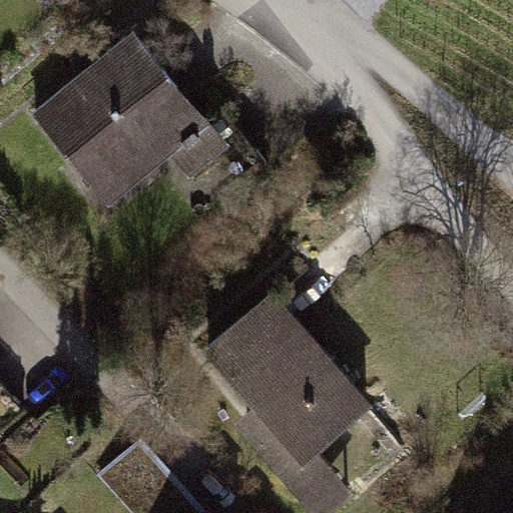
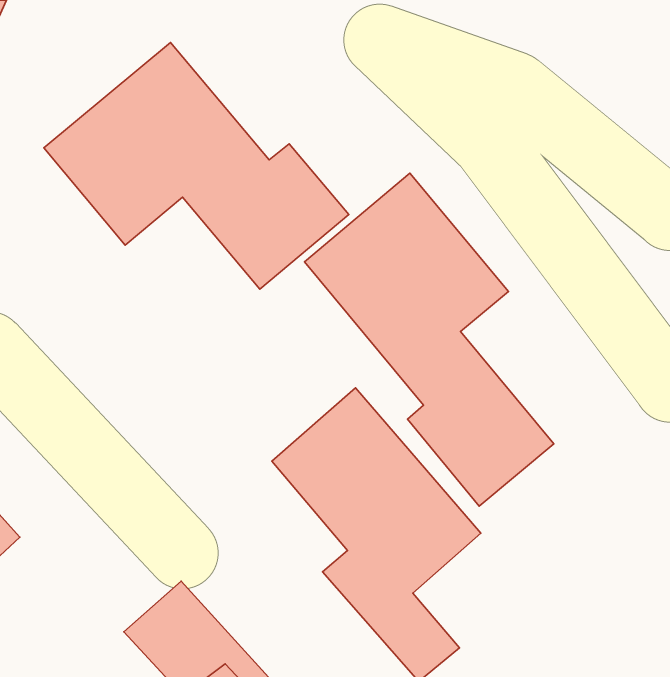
building: none -> [304,173,554,506]

